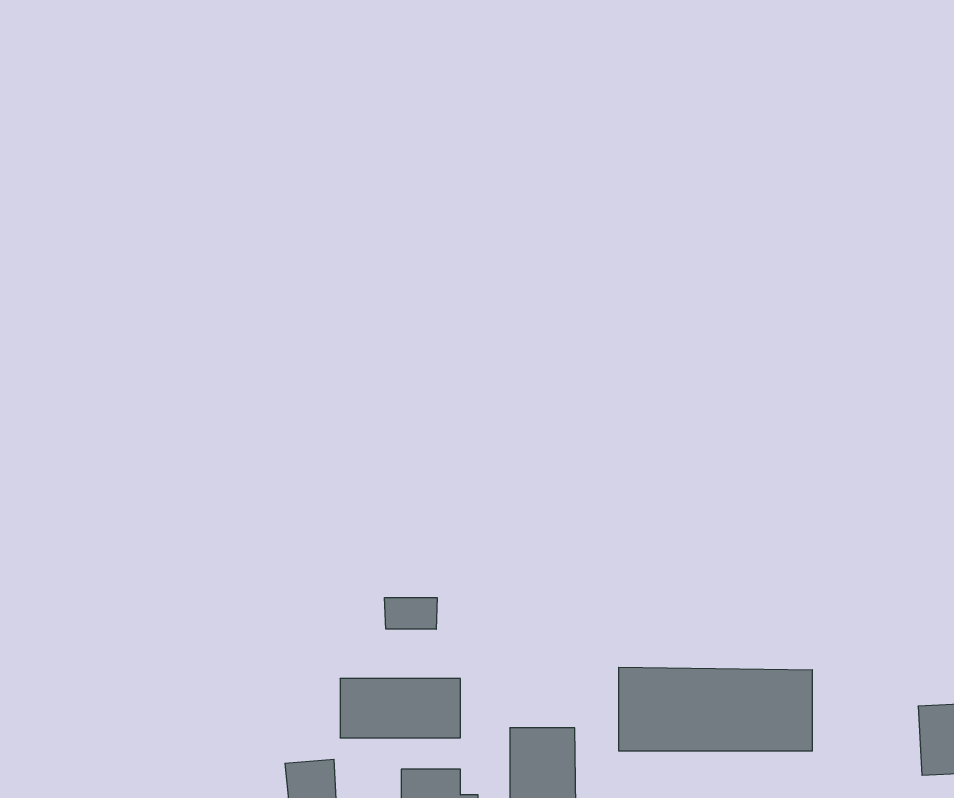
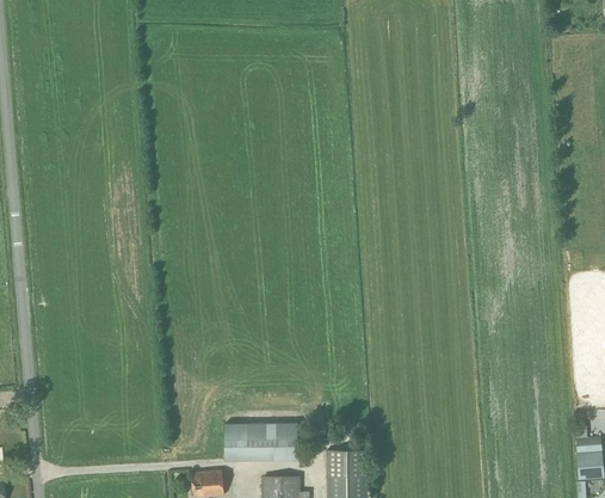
building: [385,598,437,629] -> none
building: [619,667,812,751] -> none

